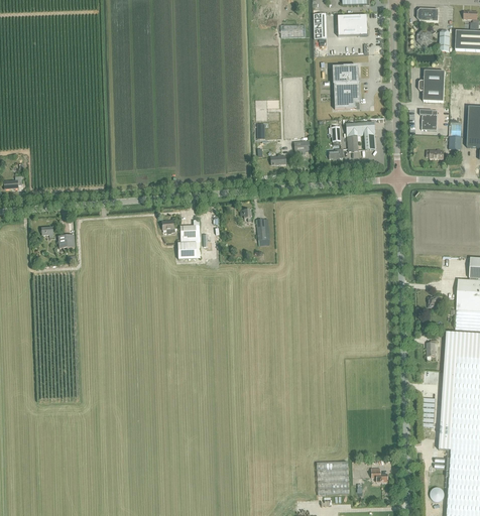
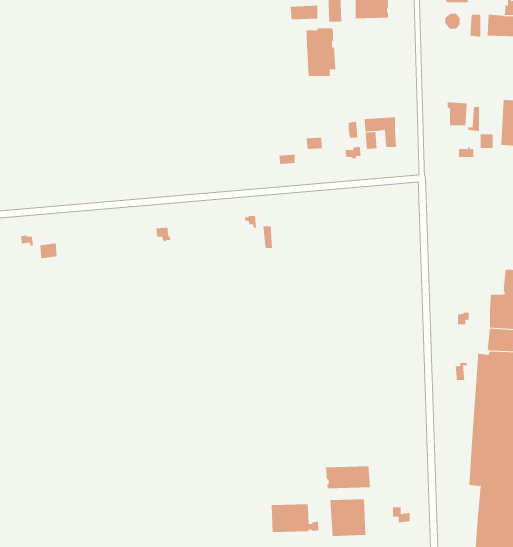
building: [333,64,360,108] -> [305,28,336,77]
building: [418,71,445,102] -> none
building: [177,220,201,260] -> none
building: none -> [326,465,370,489]
building: none -> [271,503,319,533]

